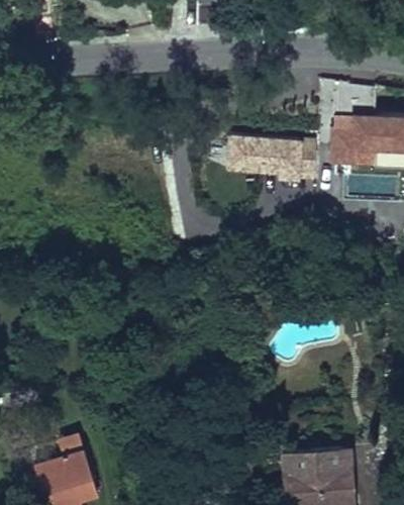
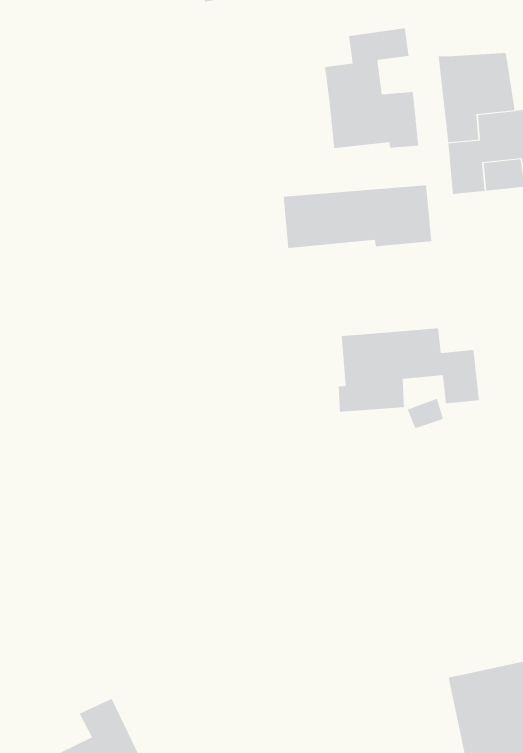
building: none -> [325,28,419,149]
building: none -> [338,327,480,413]

